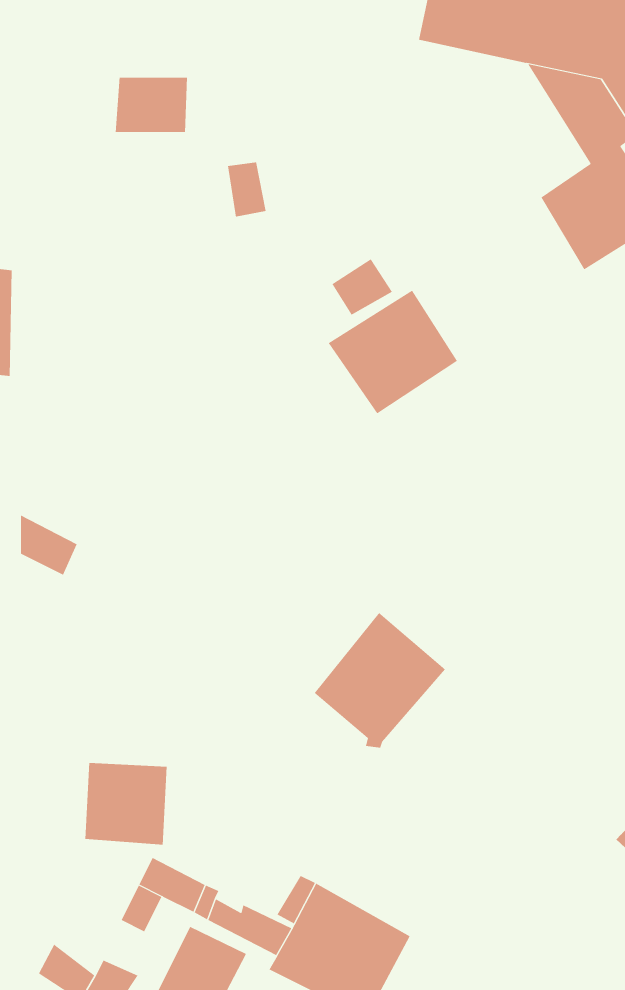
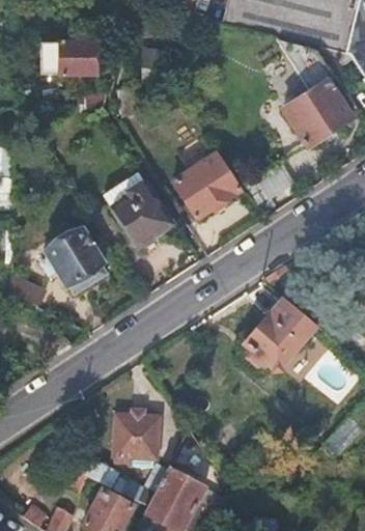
building: none -> [112,181,171,243]
building: none -> [37,225,105,294]
building: [314,612,446,748] -> [248,297,317,368]
building: [85,762,167,845] -> [115,413,159,456]

